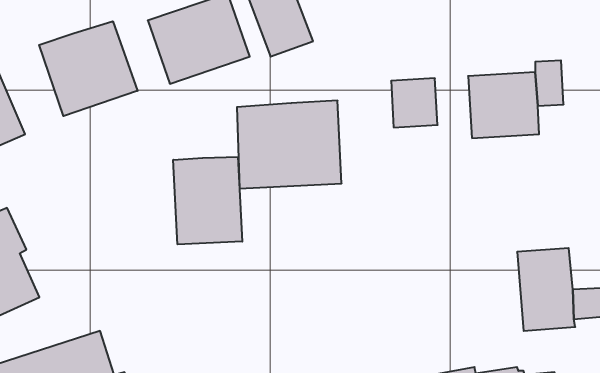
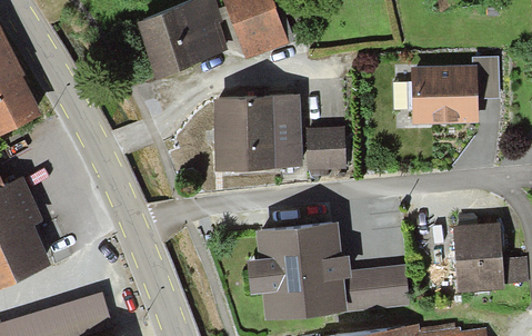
building: [39,21,138,116] -> none
building: [391,78,438,127] -> [307,125,347,167]
building: [173,157,242,244] -> none
building: none -> [249,225,408,315]

